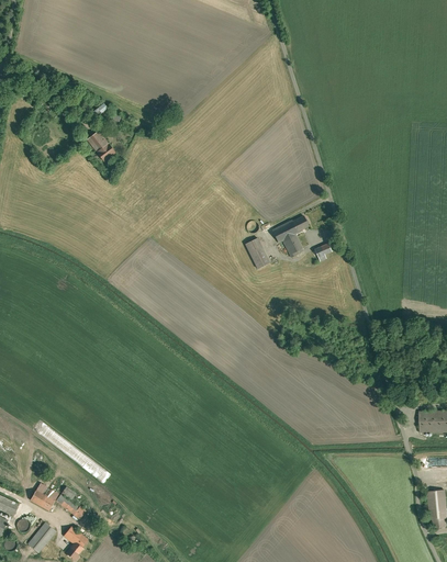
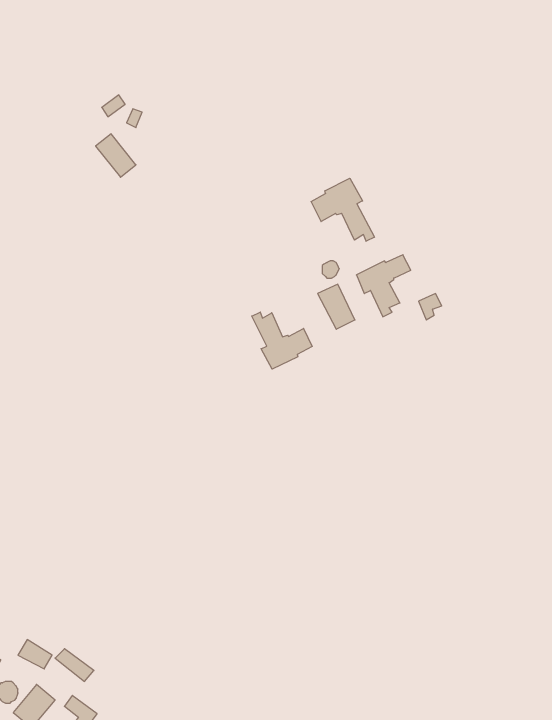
building: none -> [311,178,374,241]
building: none -> [252,312,312,369]

